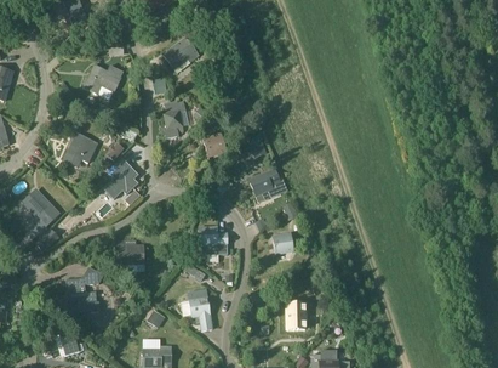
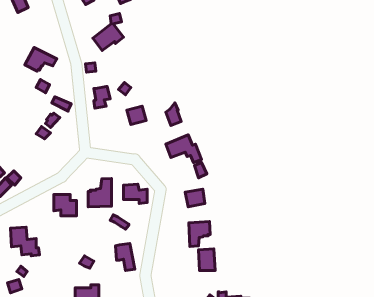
building: [67,132,98,163] -> none
building: [103,162,137,199] -> none
building: none -> [88,178,111,207]
building: none -> [189,221,210,247]

